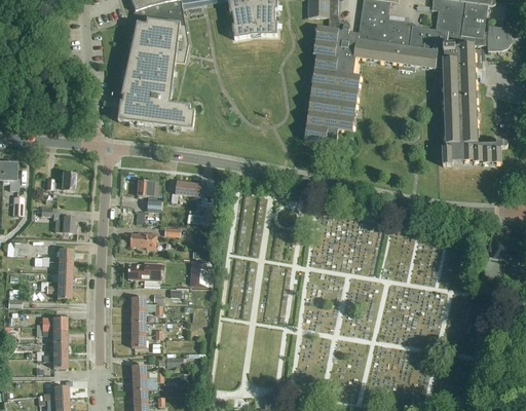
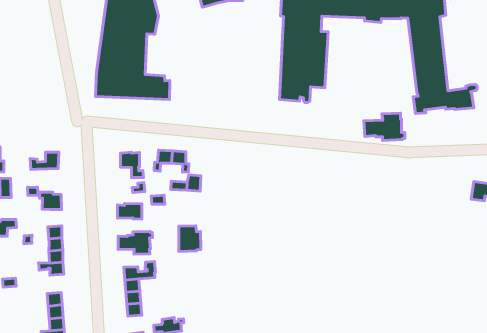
building: none -> [364,113,405,141]

